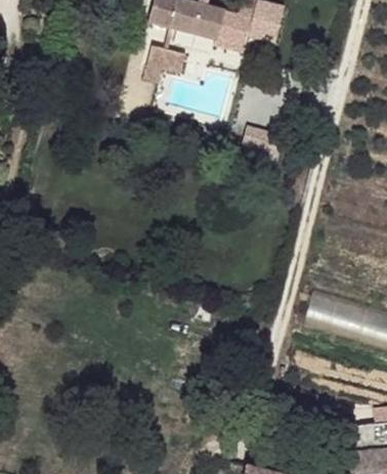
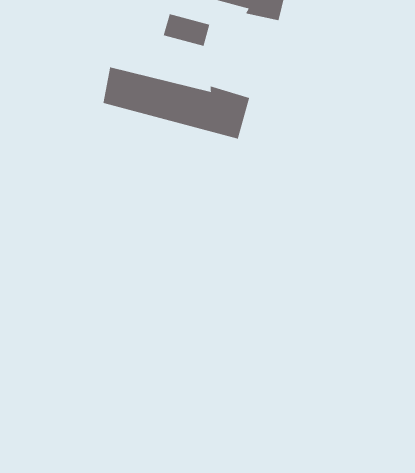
building: none -> [103,66,250,139]

